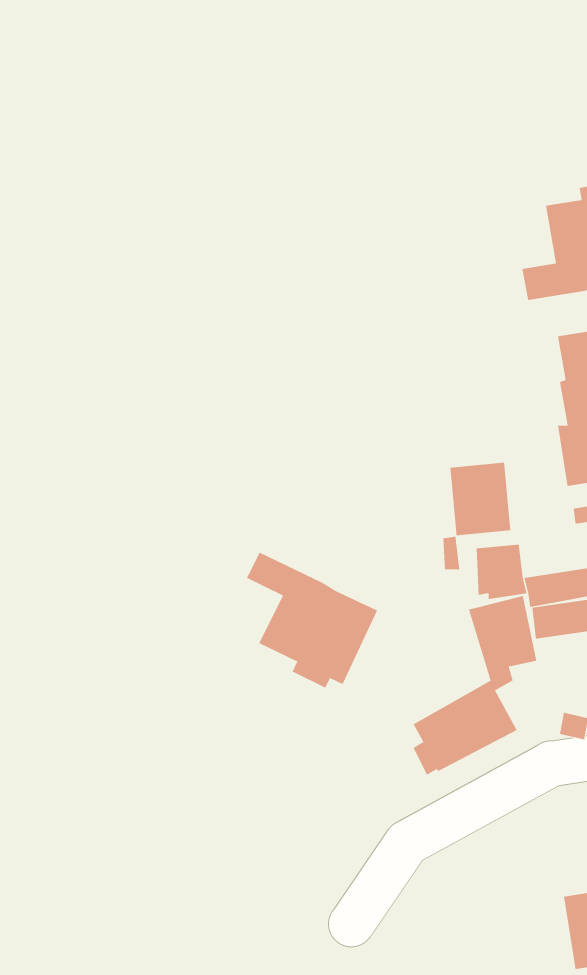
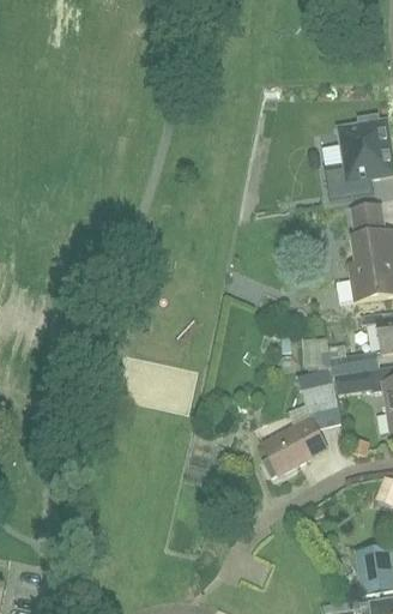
building: [450,462,511,536] -> none
building: [246,552,378,689] -> none

